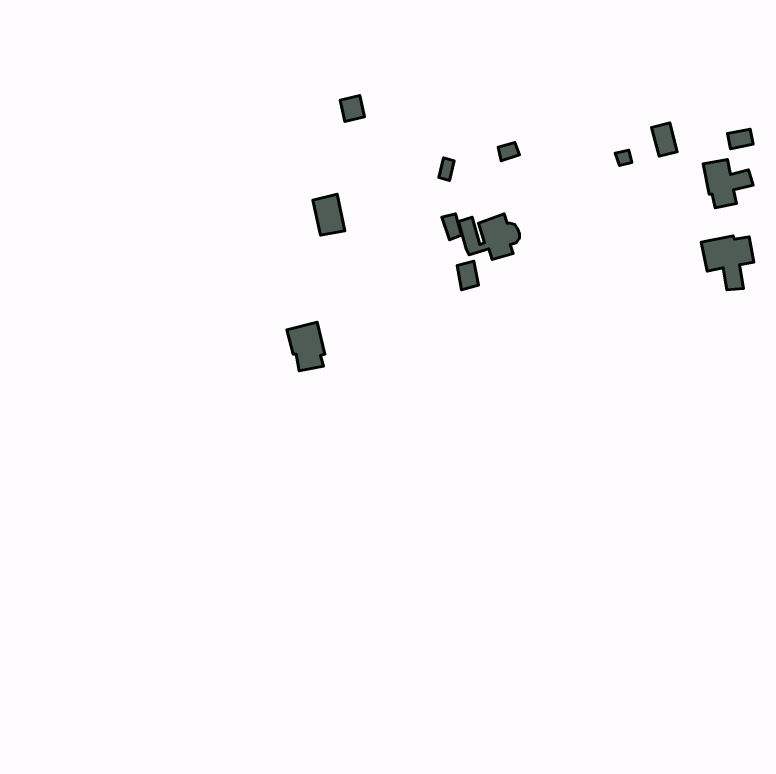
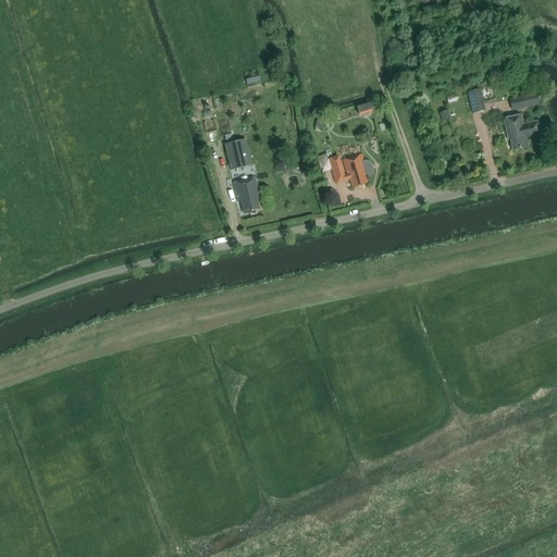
building: [701,236,754,290] -> none
building: [287,322,325,371] -> [234,177,261,212]

